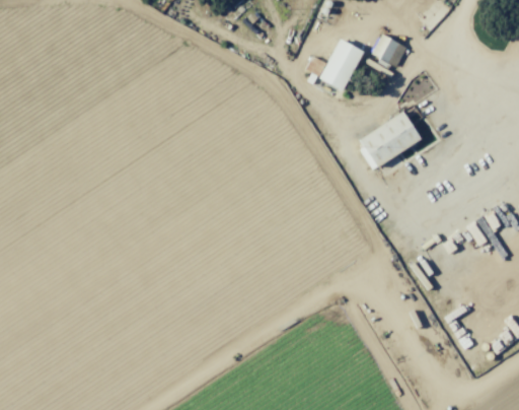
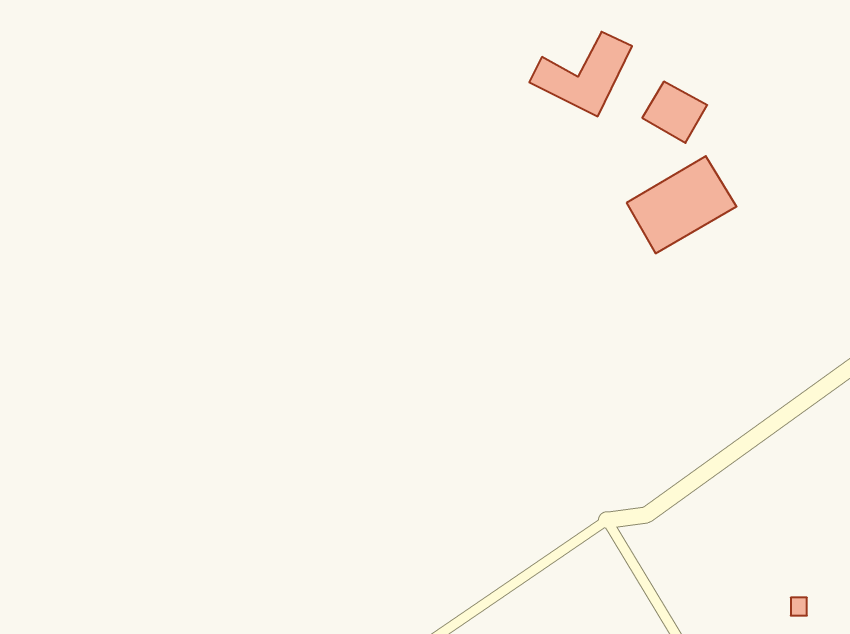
building: [371,35,407,69] -> [642,82,707,143]

